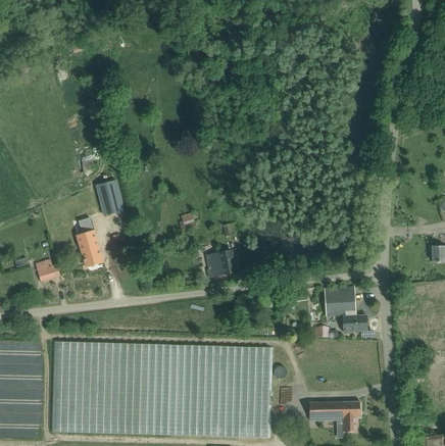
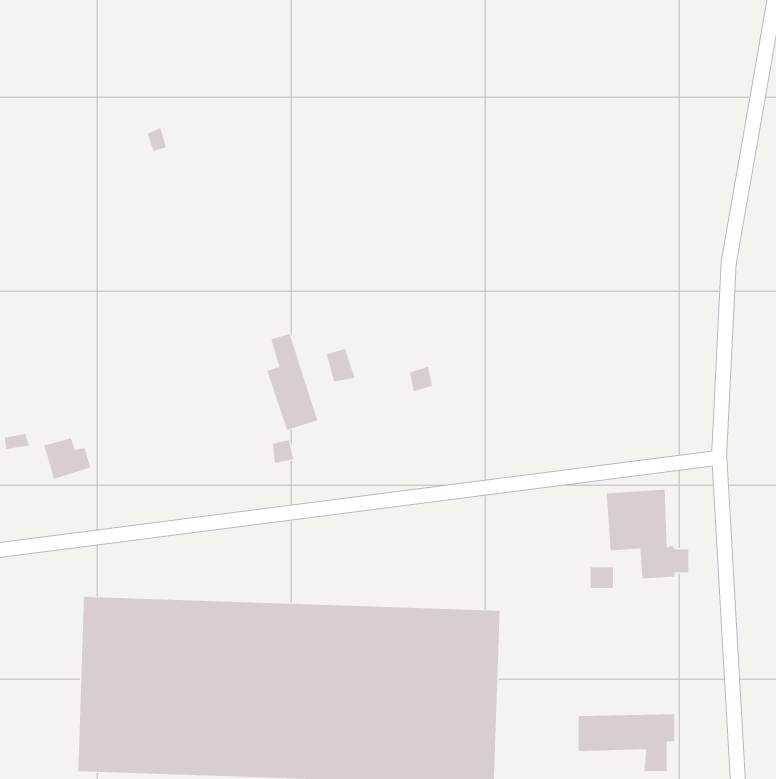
building: [98,178,126,212] -> none
building: [77,216,103,266] -> [266,333,318,431]
building: [206,251,236,277] -> none

